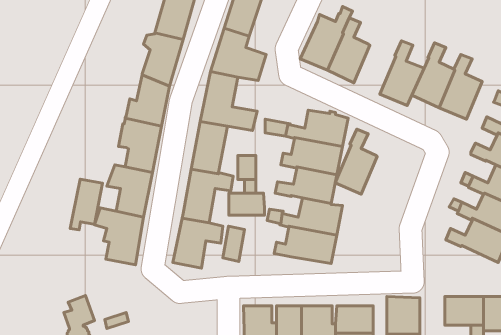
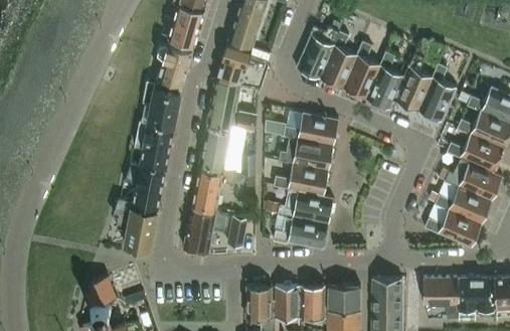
building: [335,129,377,194] -> [343,42,380,100]
building: [70,179,103,230] -> none
building: [229,193,265,215] -> none

